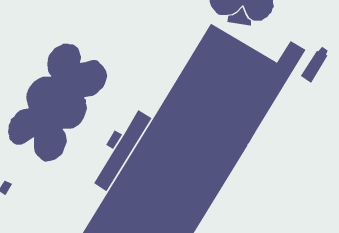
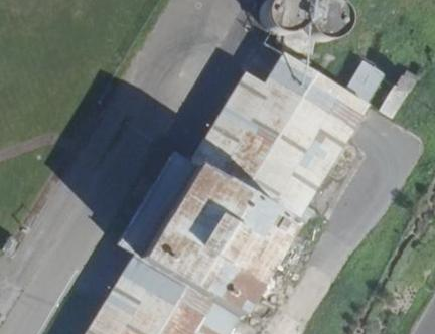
building: [7,43,108,162] -> none

